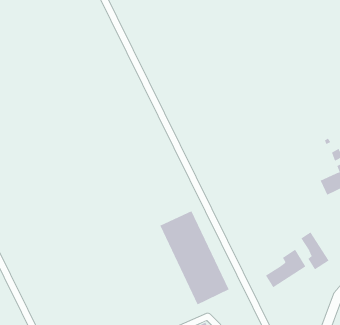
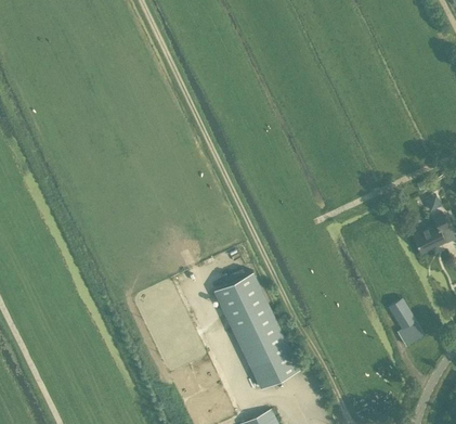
building: [265,249,306,288] -> none

